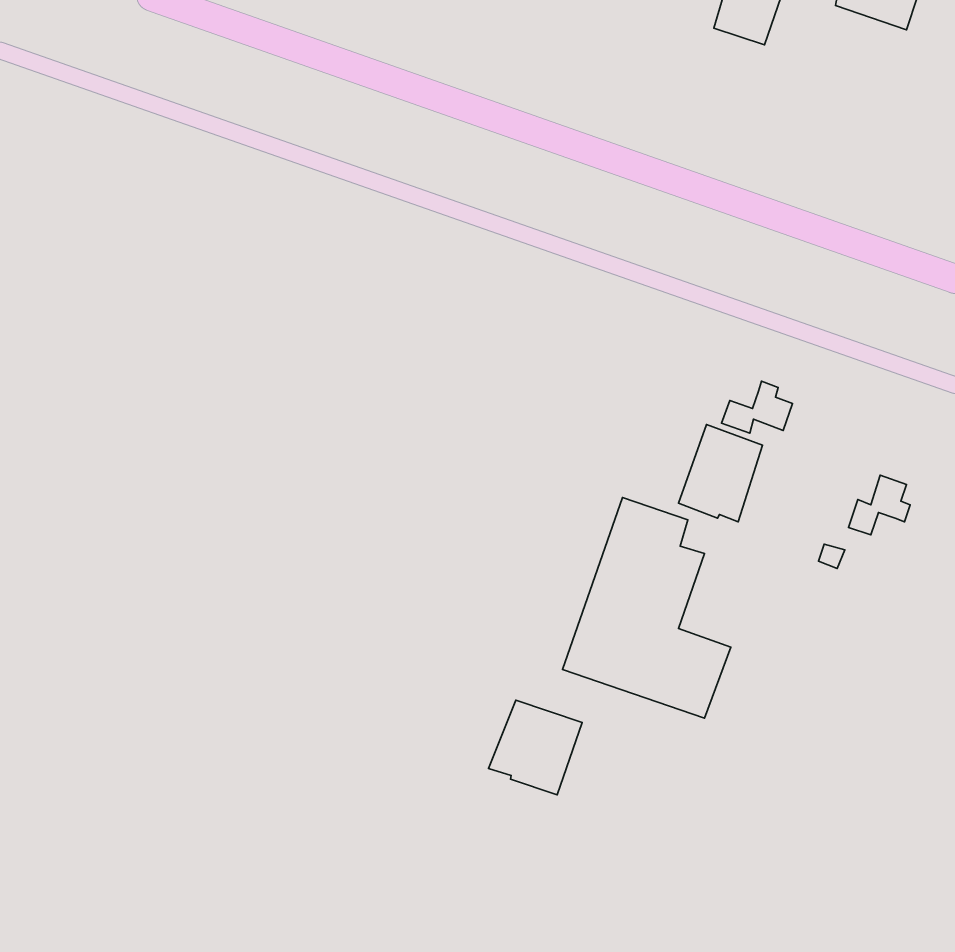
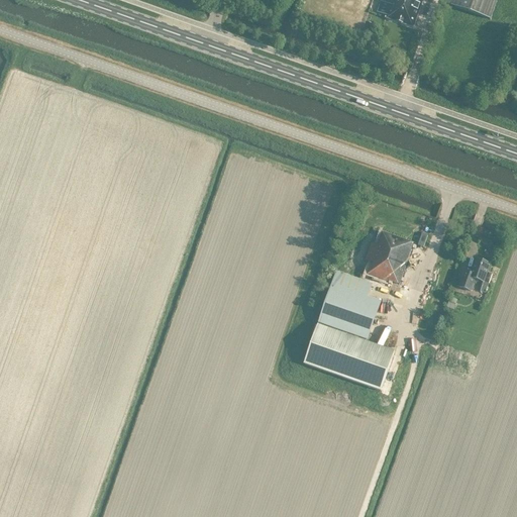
building: [722,381,792,433] -> none
building: [489,700,582,795] -> none

